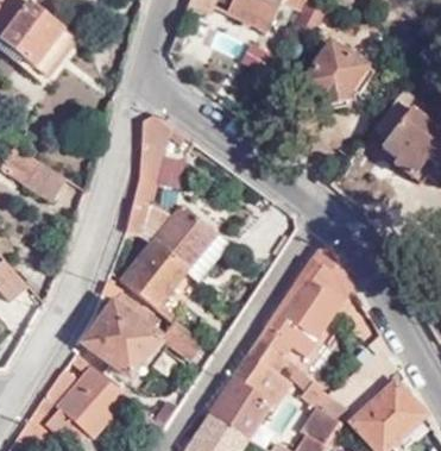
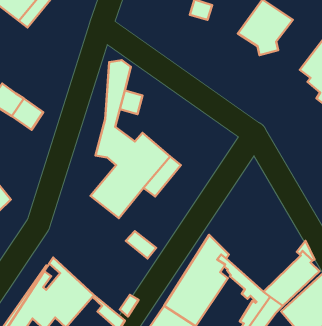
building: [264,249,352,356] -> none
building: [81,281,157,378] -> none

